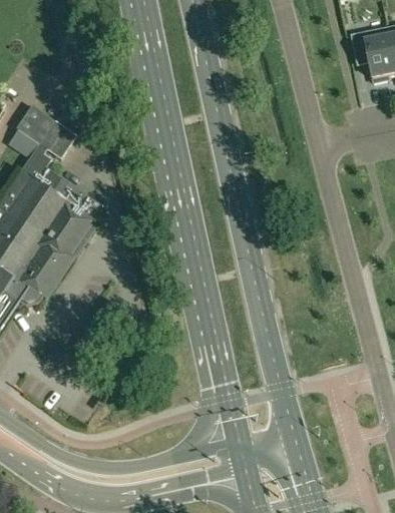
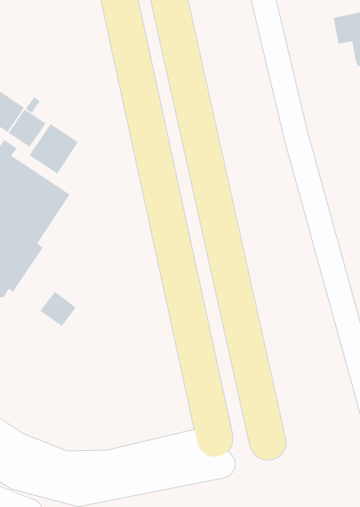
building: none -> [29,123,79,174]
building: none -> [40,290,77,327]

